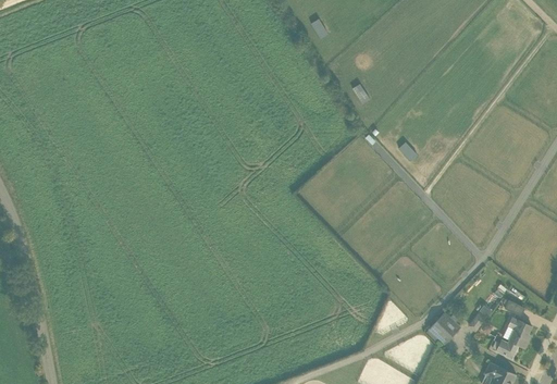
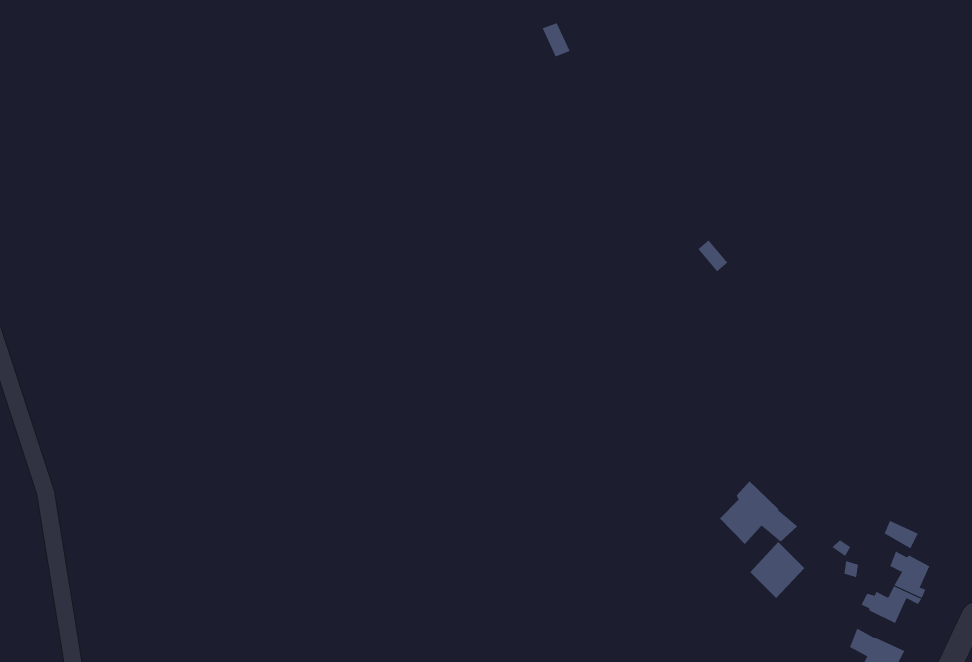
building: none -> [719,480,798,545]

